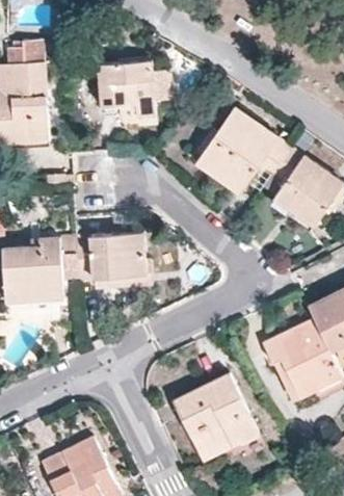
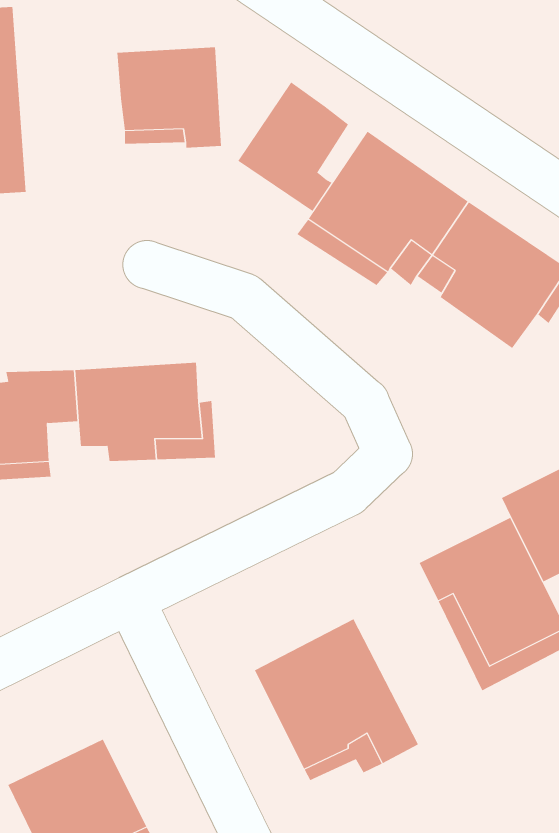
building: none -> [238,82,349,212]

